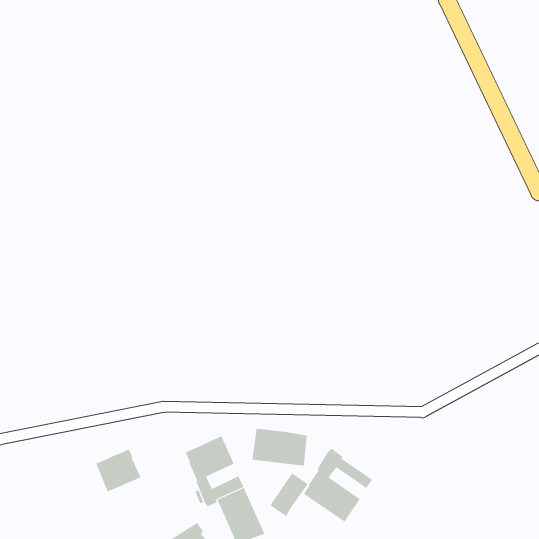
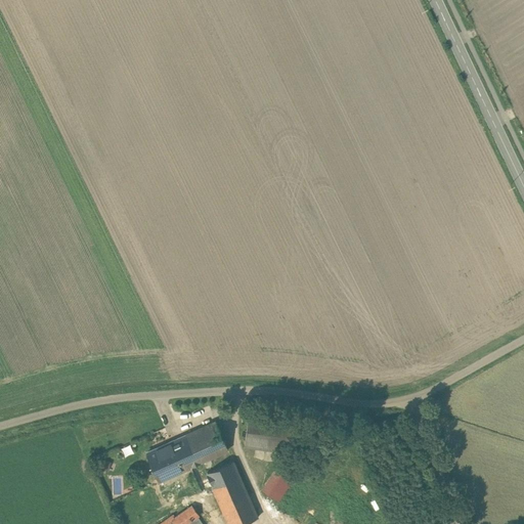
building: [303,448,373,523] -> none
building: [96,449,141,492] -> [146,439,190,481]

